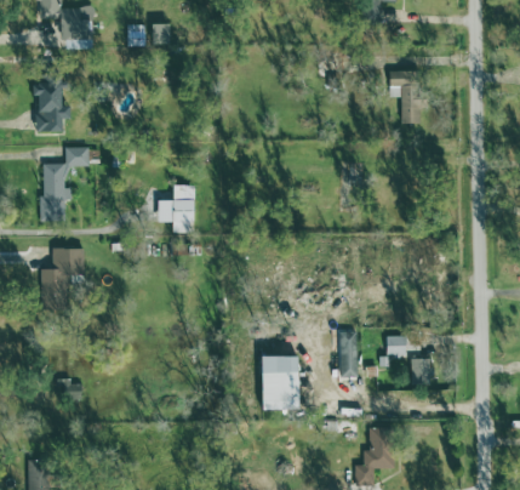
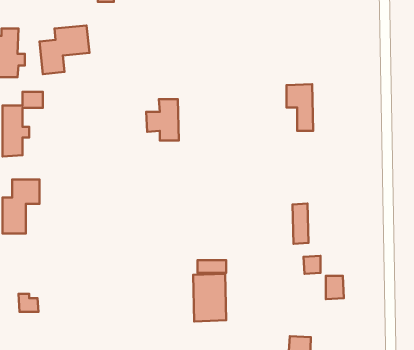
building: [390,70,421,124] -> [287,84,313,131]
building: none -> [39,25,89,74]
building: [158,186,195,233] -> [146,99,179,140]
building: [341,331,359,377] -> [293,204,308,244]

